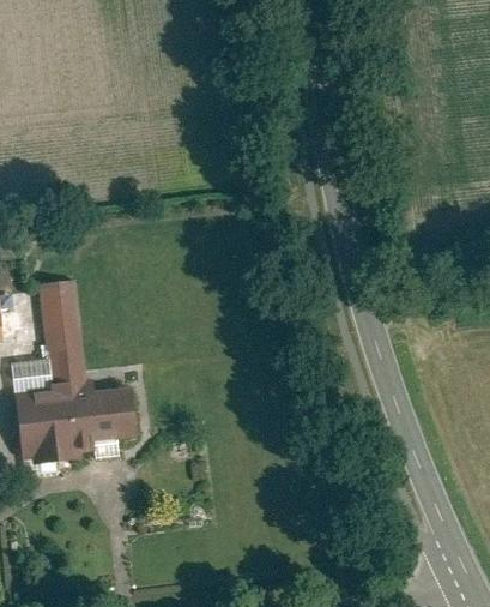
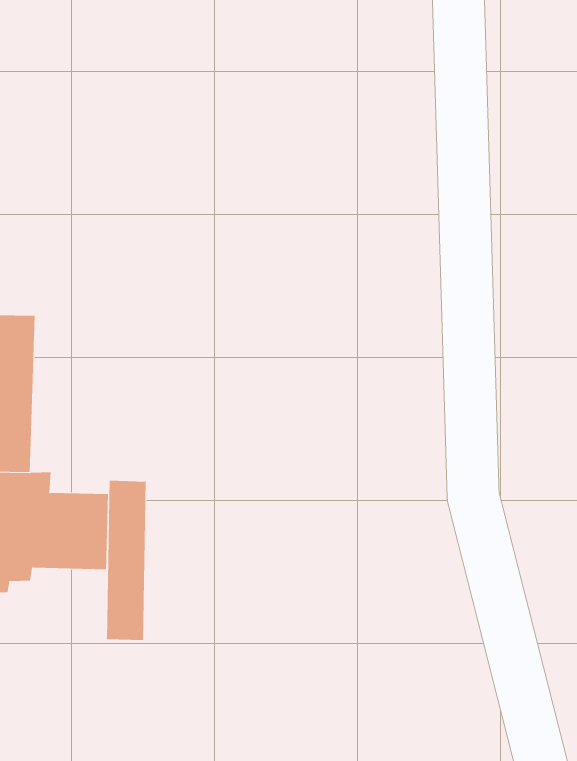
building: none -> [106,480,146,641]

